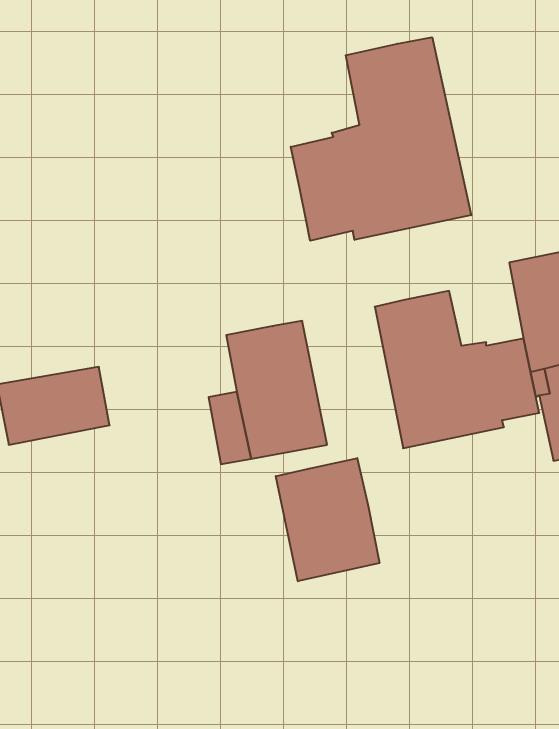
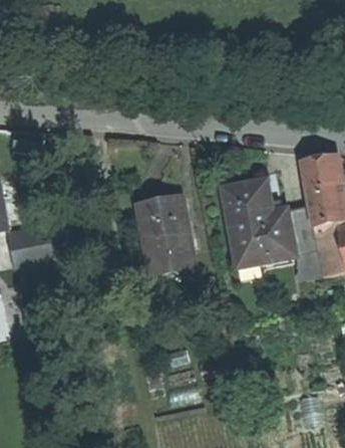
building: [291,37,471,241] -> none
building: [276,458,379,581] -> none

